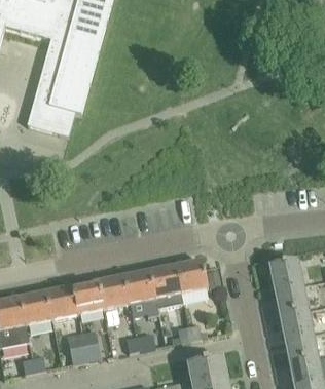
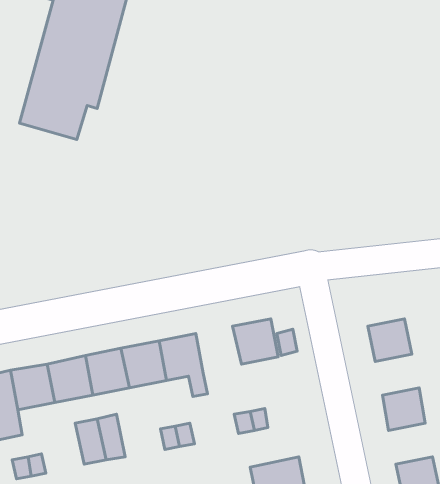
building: [150,266,182,299] -> none
building: [276,285,306,314] -> none
building: [285,334,316,362] -> none

